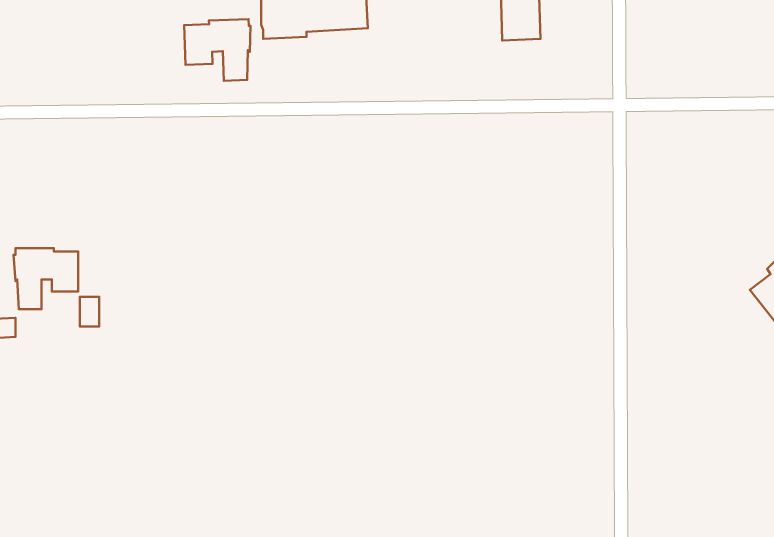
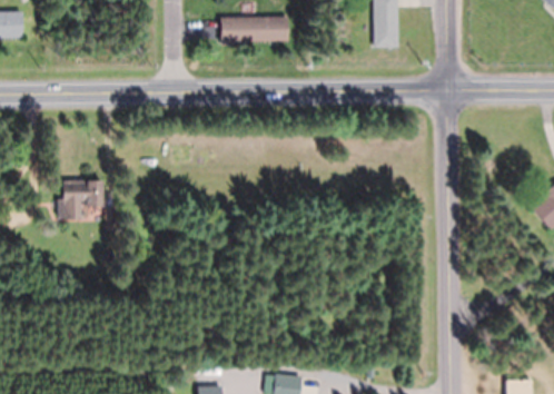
building: [184,19,251,81] -> none

